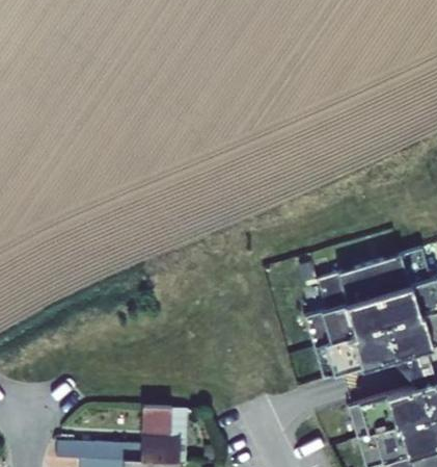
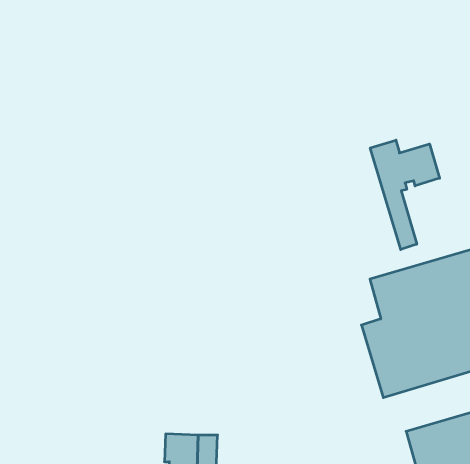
building: none -> [370,140,440,250]

